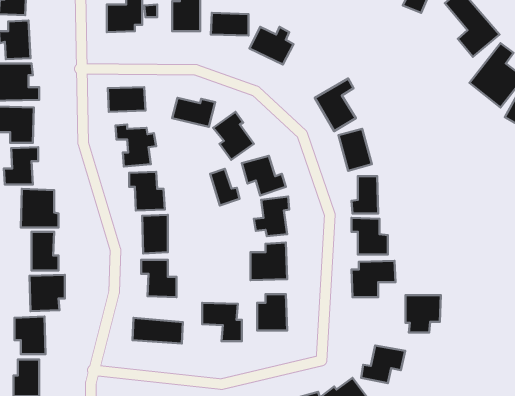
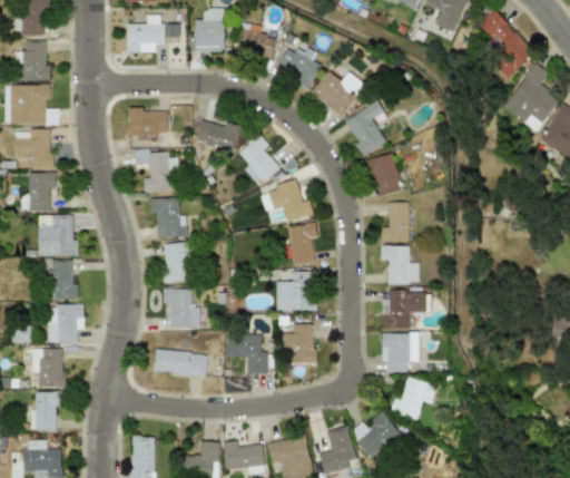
building: none -> [312,70,366,116]
building: [210,169,239,206] -> none
building: [406,295,441,333] -> [383,333,420,372]

